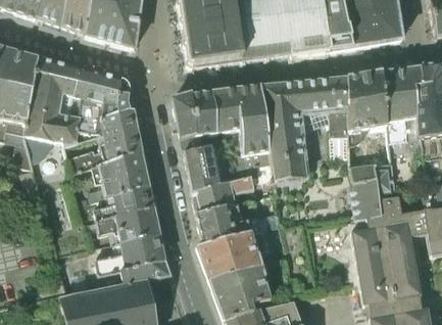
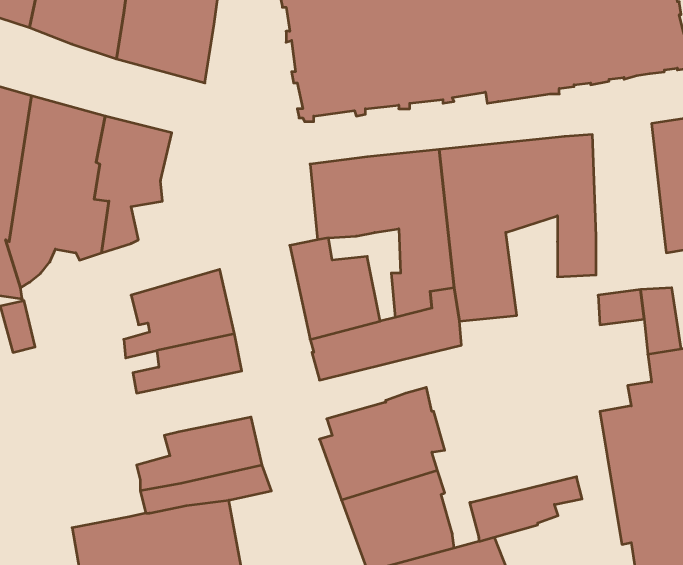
building: [348,69,387,132] -> none
building: [67,75,142,171] -> none
building: [174,92,196,137] -> none
building: [349,178,381,218] -> none
building: [196,197,258,233] -> [470,477,582,541]
building: [96,206,159,240] -> none

